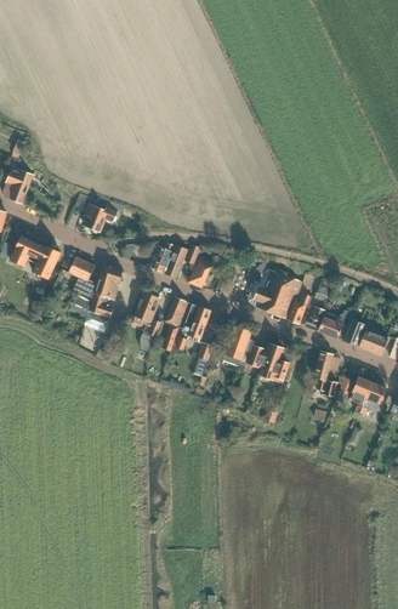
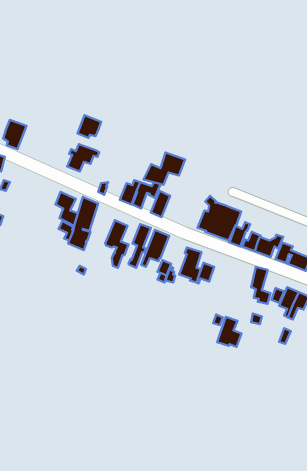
building: none -> [77,115,101,138]
building: none -> [144,152,185,185]
building: [11,235,62,279] -> none
building: [260,343,290,381] -> [217,317,241,347]

